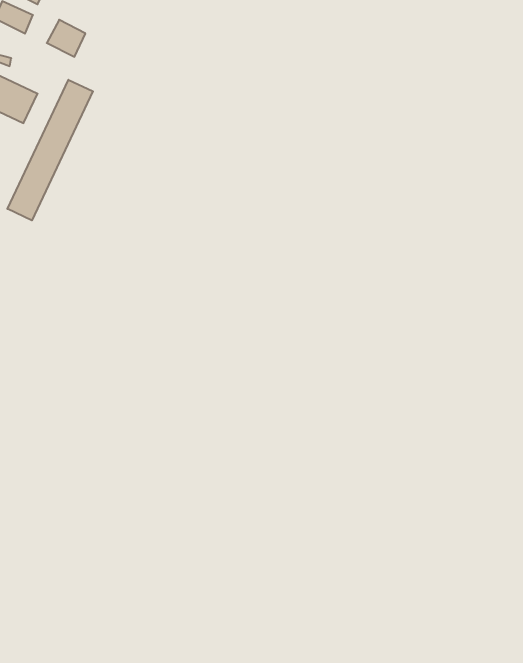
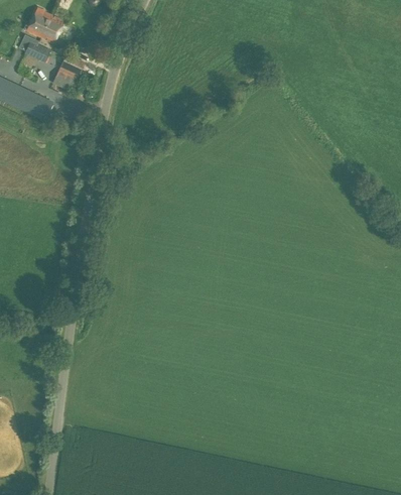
building: [7,80,93,220] -> none

